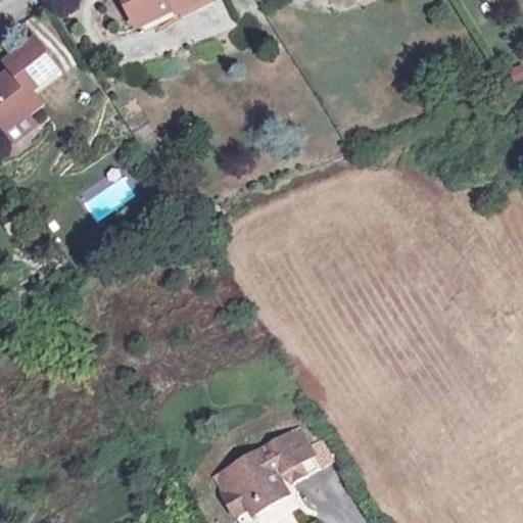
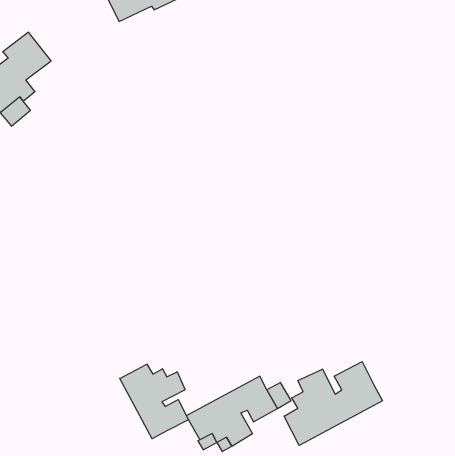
building: none -> [284,362,382,445]
building: none -> [120,364,188,439]

